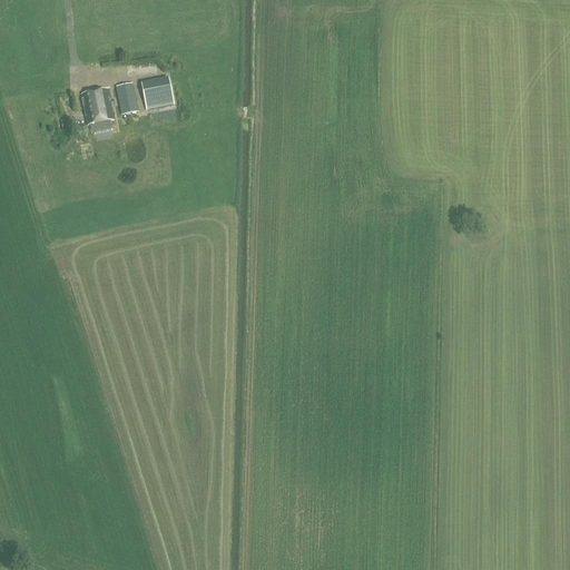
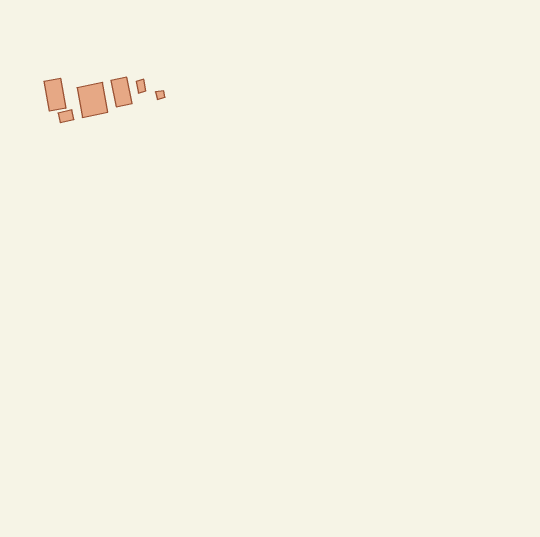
building: none -> [44,78,66,111]

